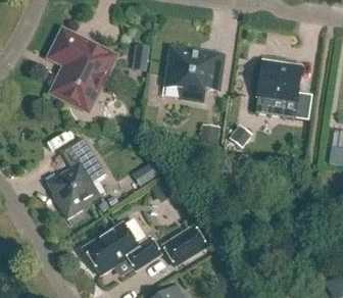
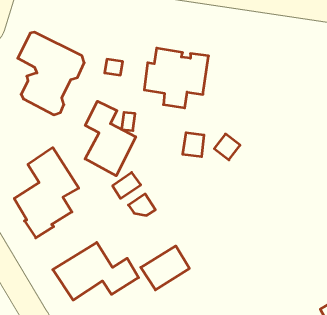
building: [257,59,312,118] -> none
building: none -> [85,101,136,176]

